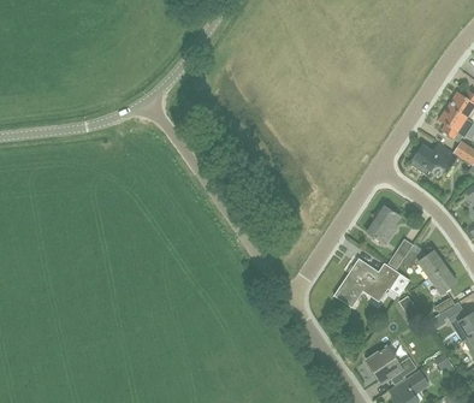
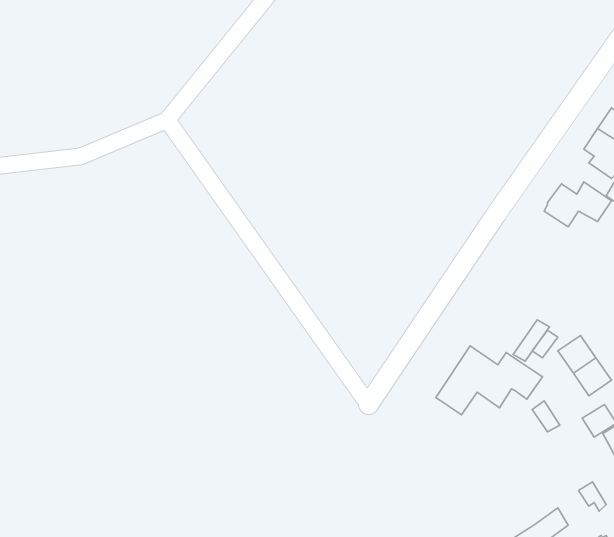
building: [367,205,401,242] -> none
building: [367,346,417,381] -> none

